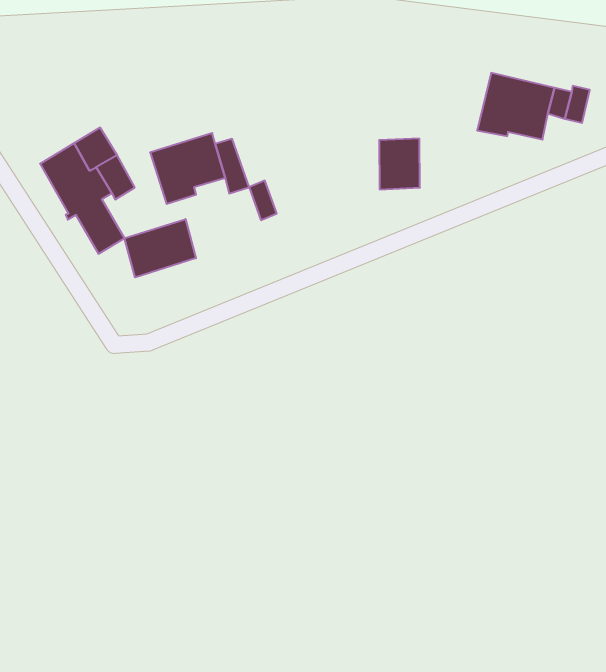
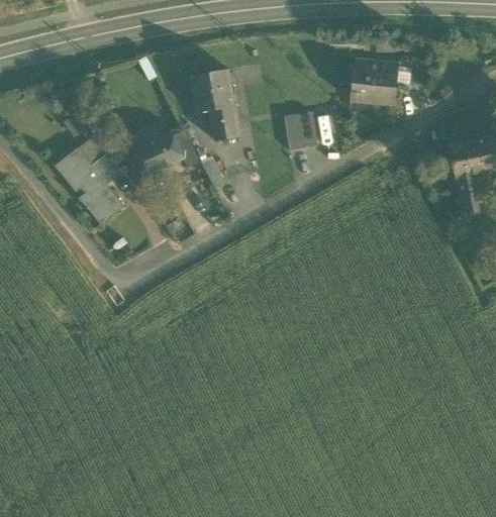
building: none -> [190,69,238,140]
building: [125,219,196,277] -> none

